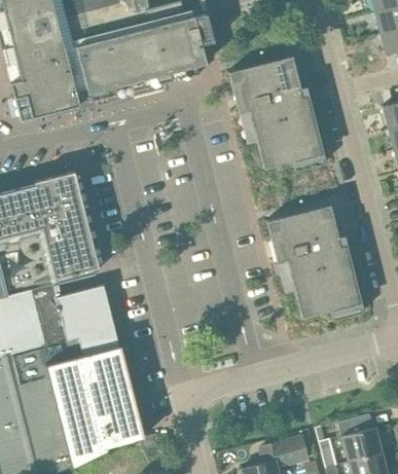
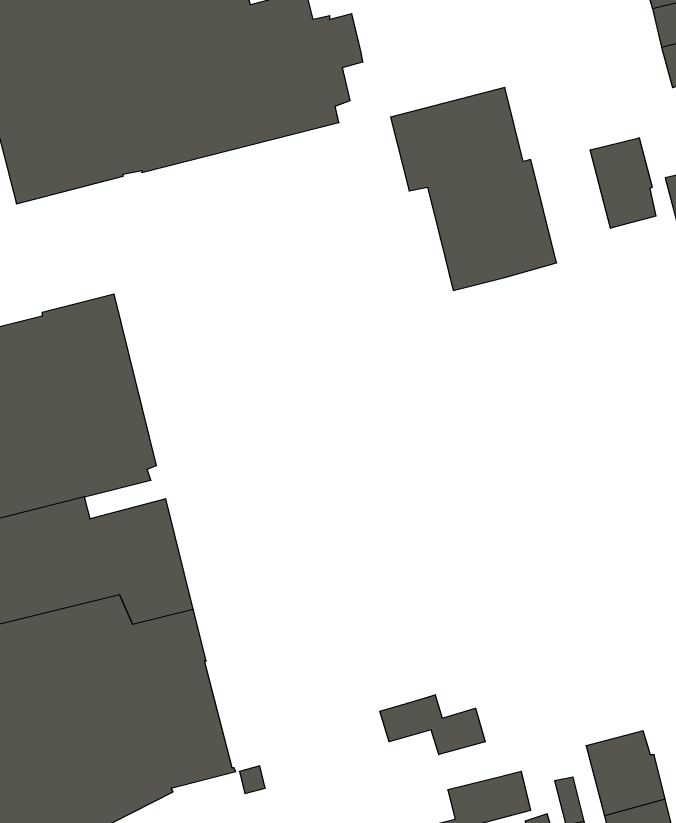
building: none -> [590,138,656,228]
building: [267,205,360,318] -> none
building: none -> [380,695,485,755]

